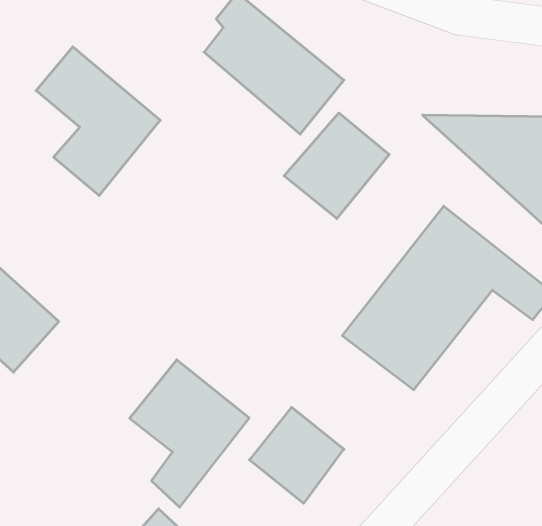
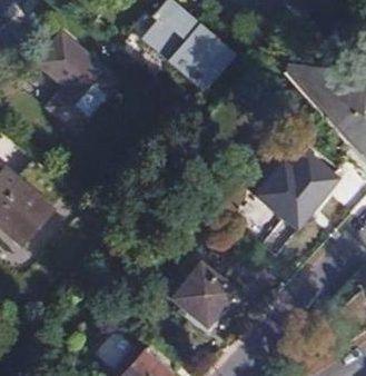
building: [284,113,389,219] -> none
building: [130,360,249,507] -> none

